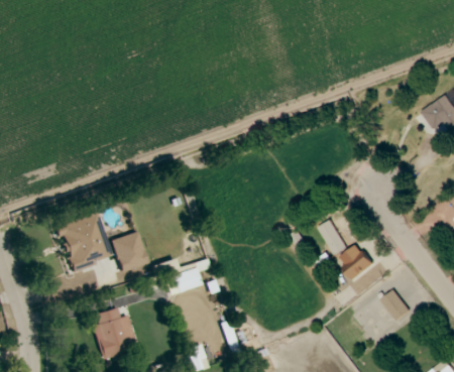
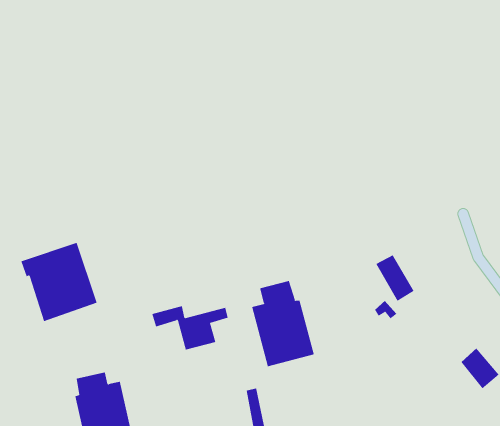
building: [110,231,147,271] -> none
building: none -> [252,280,315,367]
building: [340,244,375,279] -> none

